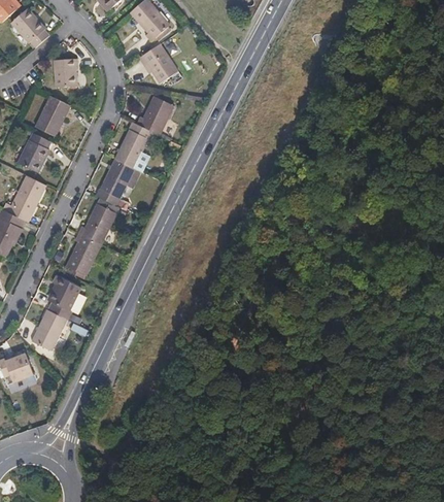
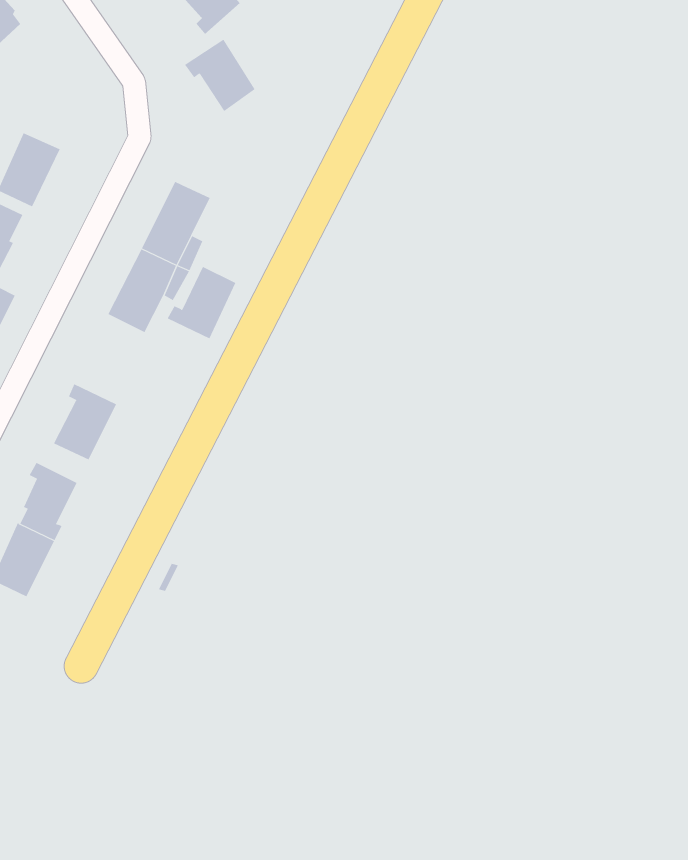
building: [53,58,75,86] -> none
building: [137,97,174,134] -> none
building: [77,204,115,244] -> [167,266,236,339]

